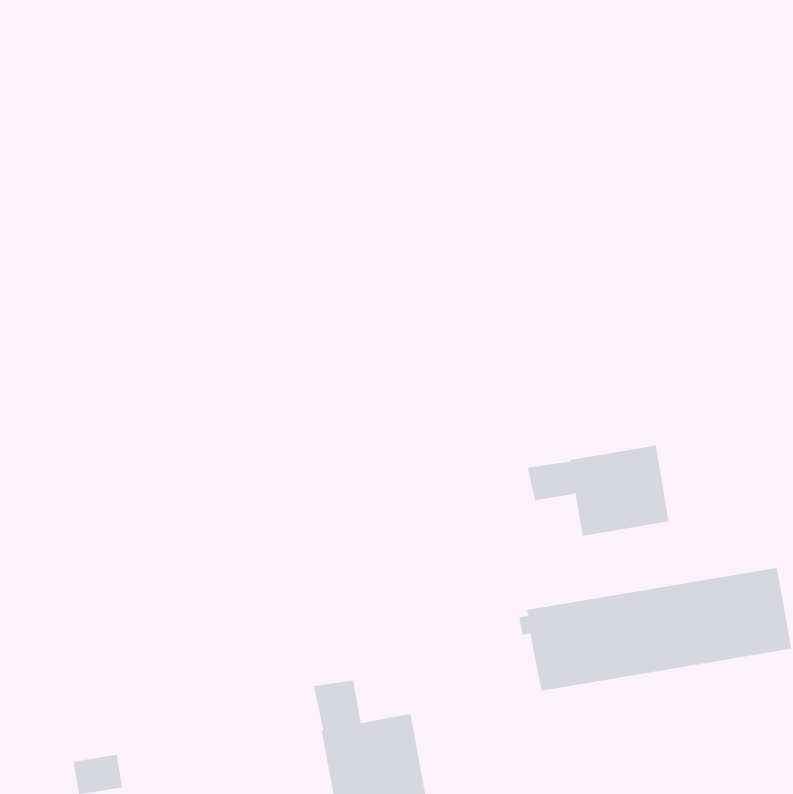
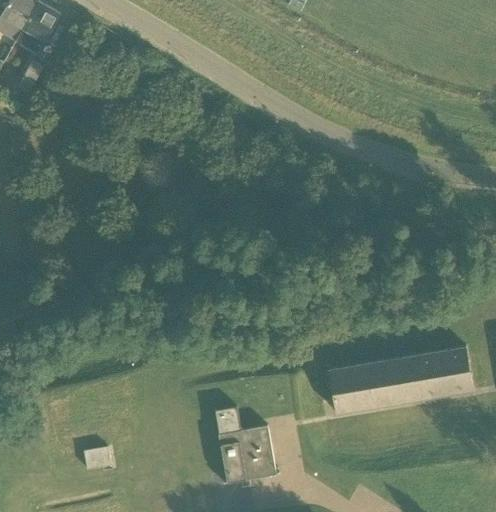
building: [527,445,669,537] -> none

